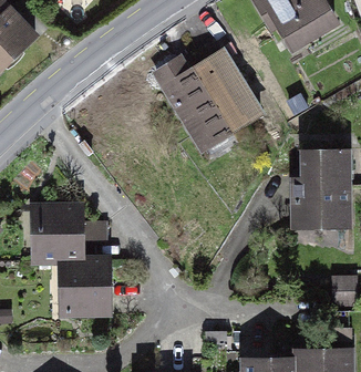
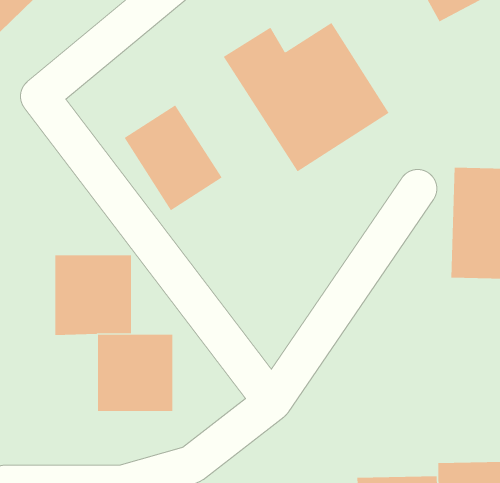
building: none -> [124,104,223,211]

